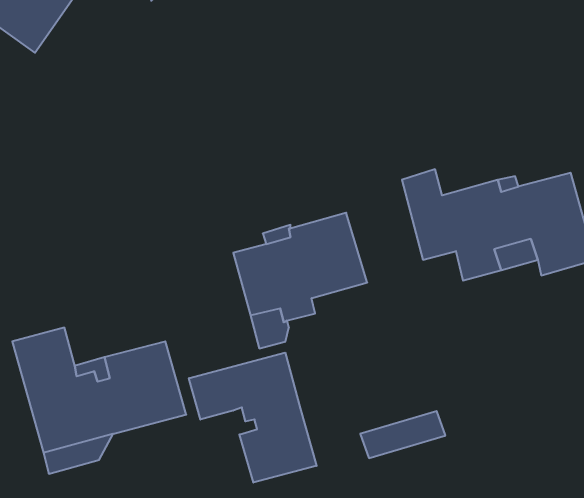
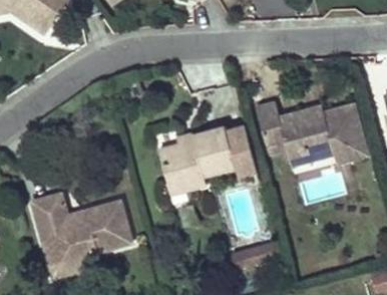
building: [189,353,317,483] -> none

